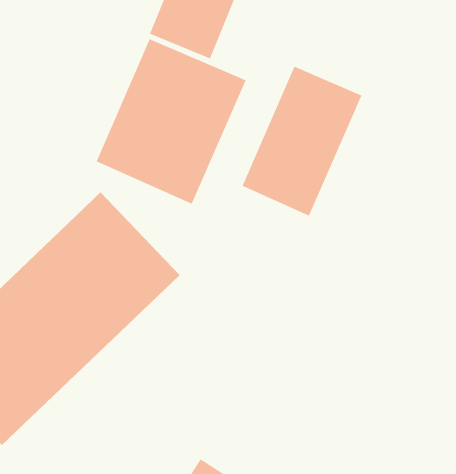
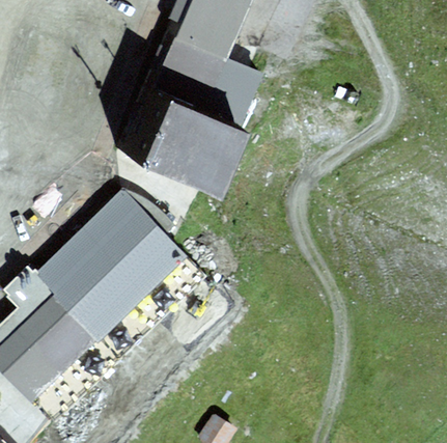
building: [242,66,362,216] -> none

